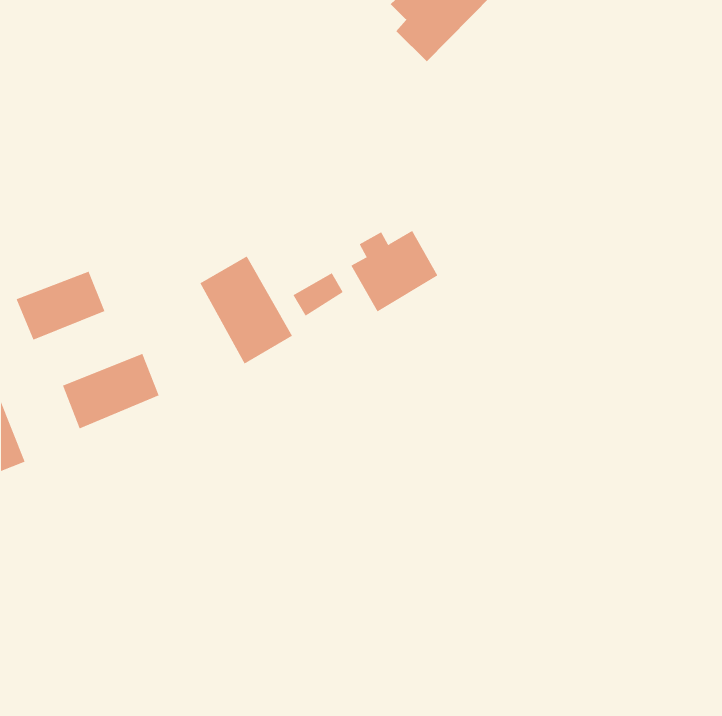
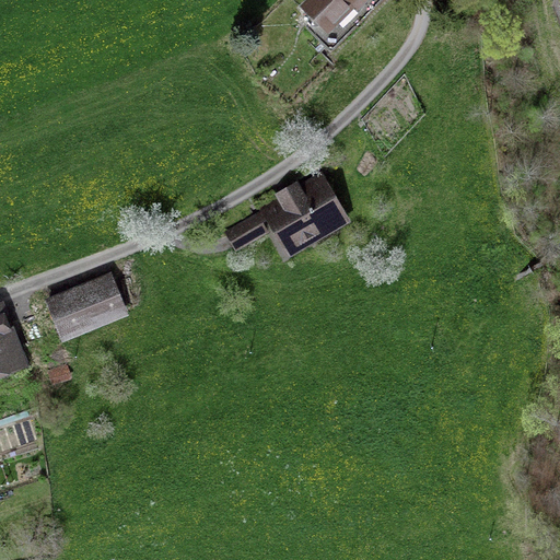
building: [200,256,293,364] -> none
building: [16,271,105,340] -> none

